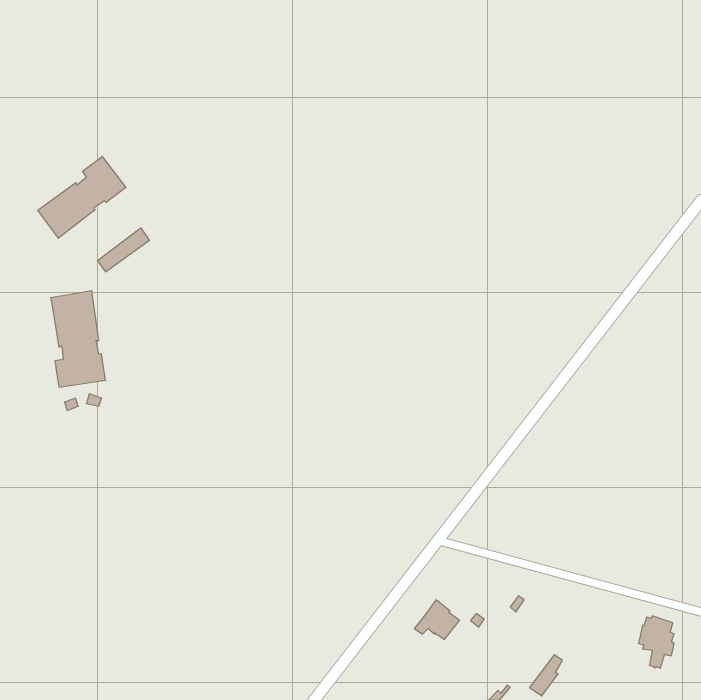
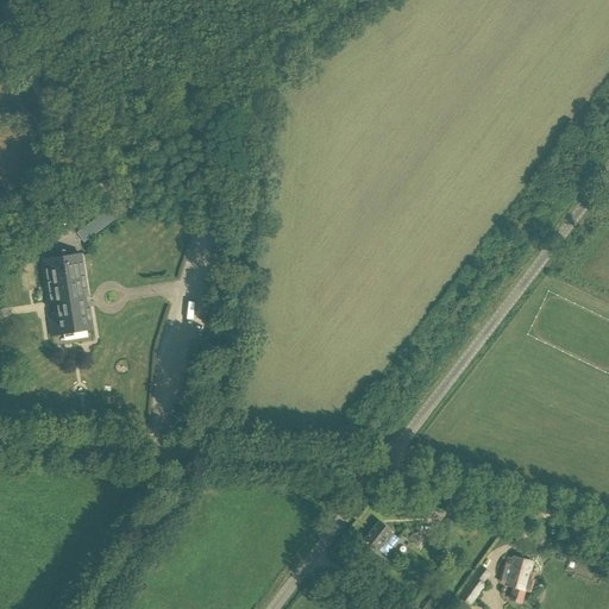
building: [38,156,126,238] -> none
building: [638,616,674,668] -> [502,555,533,601]

